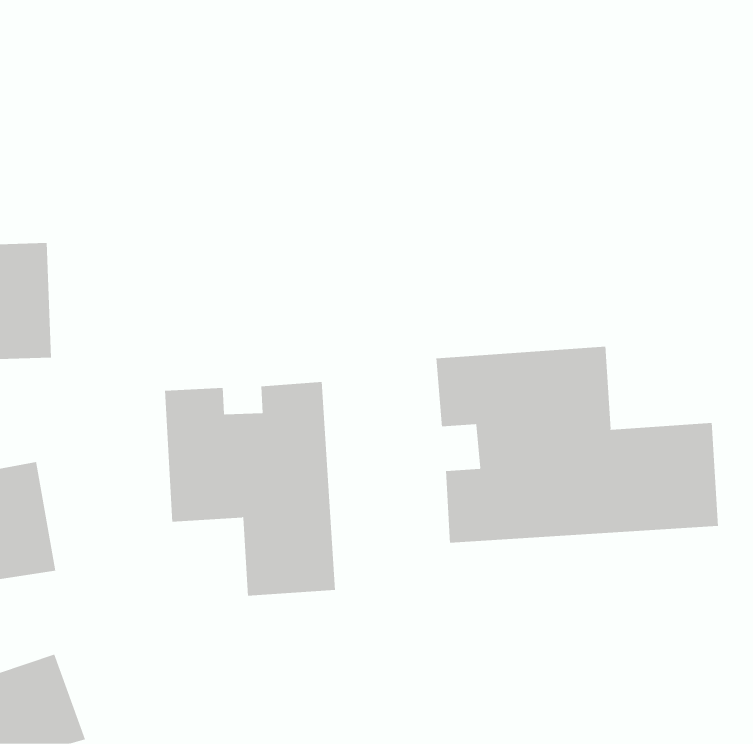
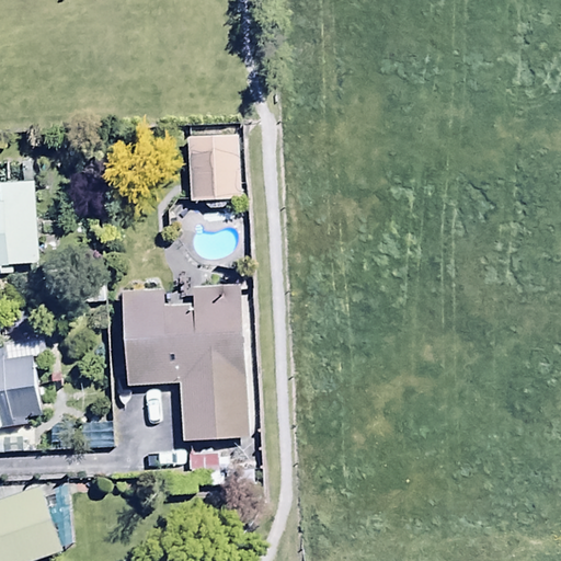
building: none -> [188,135,240,201]
building: [436,346,719,544] -> none

